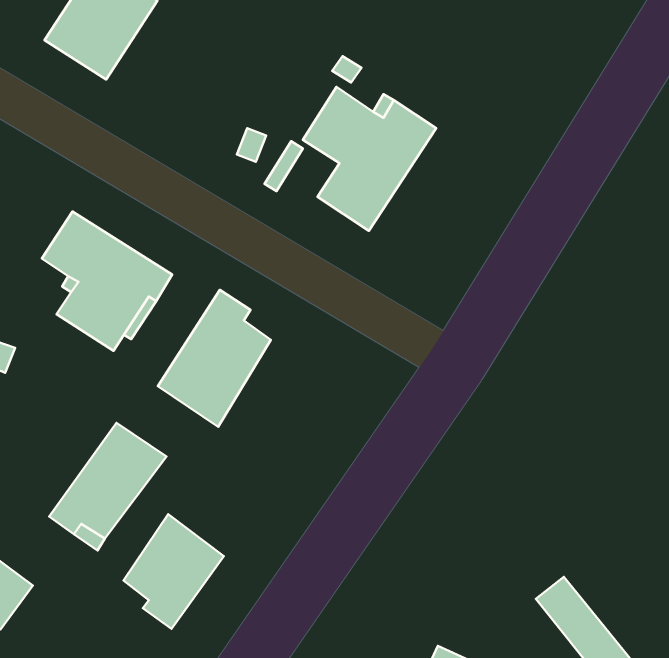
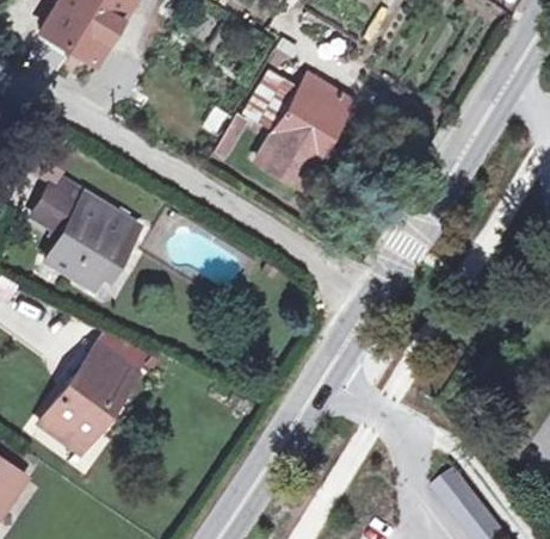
building: [158,290,271,427] -> none
building: [123,514,224,629] -> none

